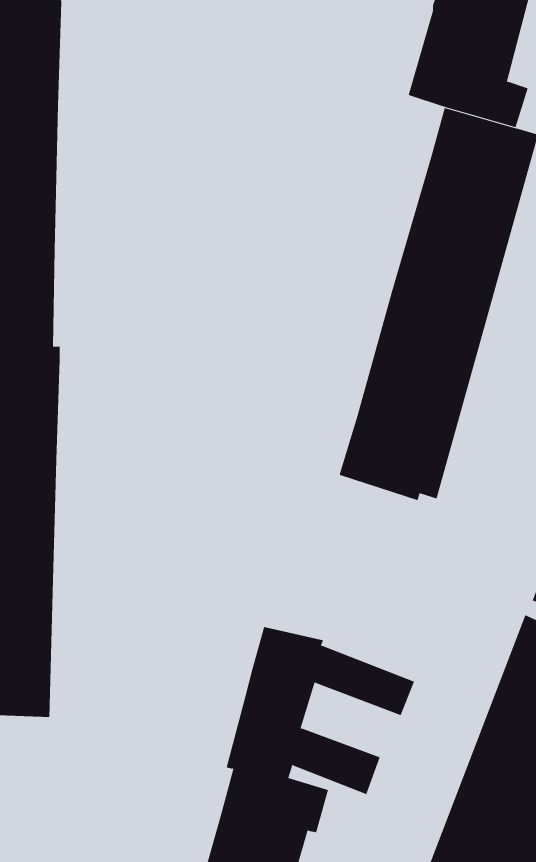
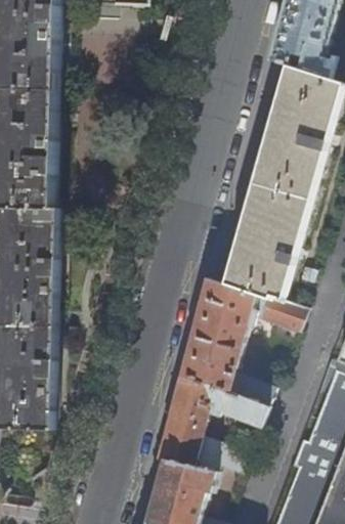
building: none -> [178,279,304,408]

